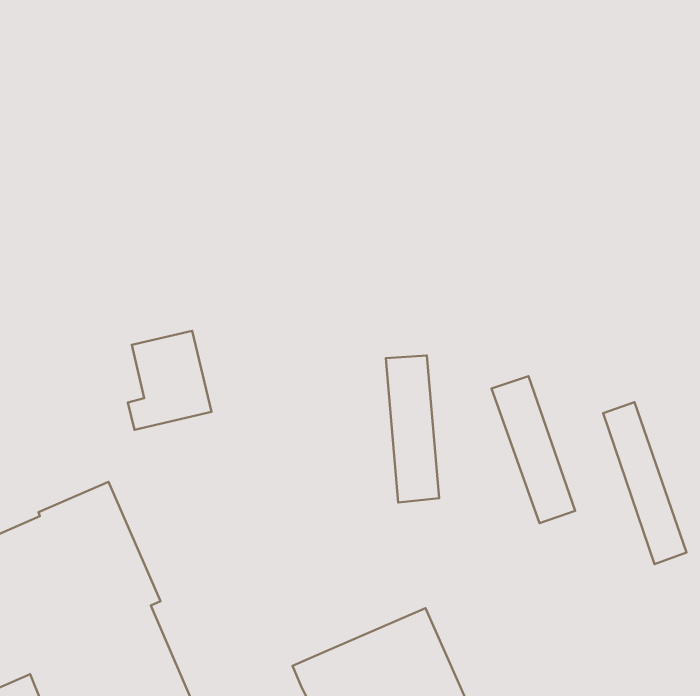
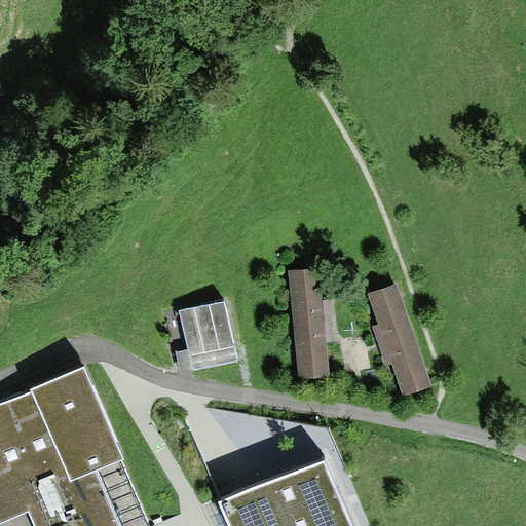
building: [128,331,211,430] -> [175,300,237,374]
building: [603,402,687,564] -> none

